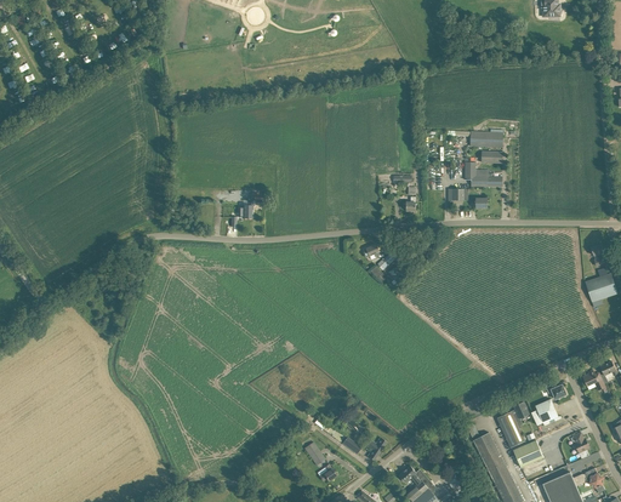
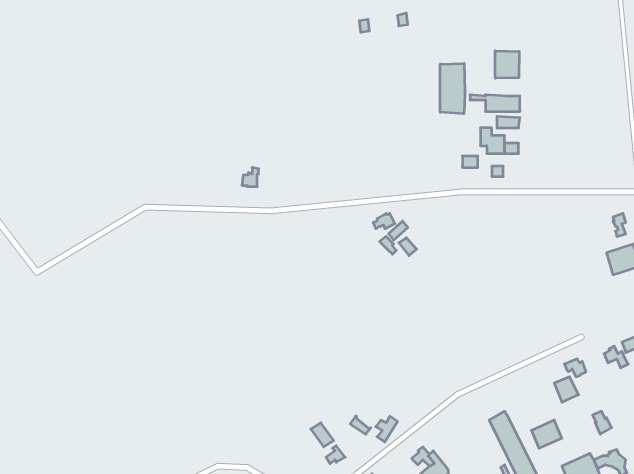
building: none -> [495,51,519,78]
building: none -> [440,63,465,114]
building: [496,401,529,447] -> none

